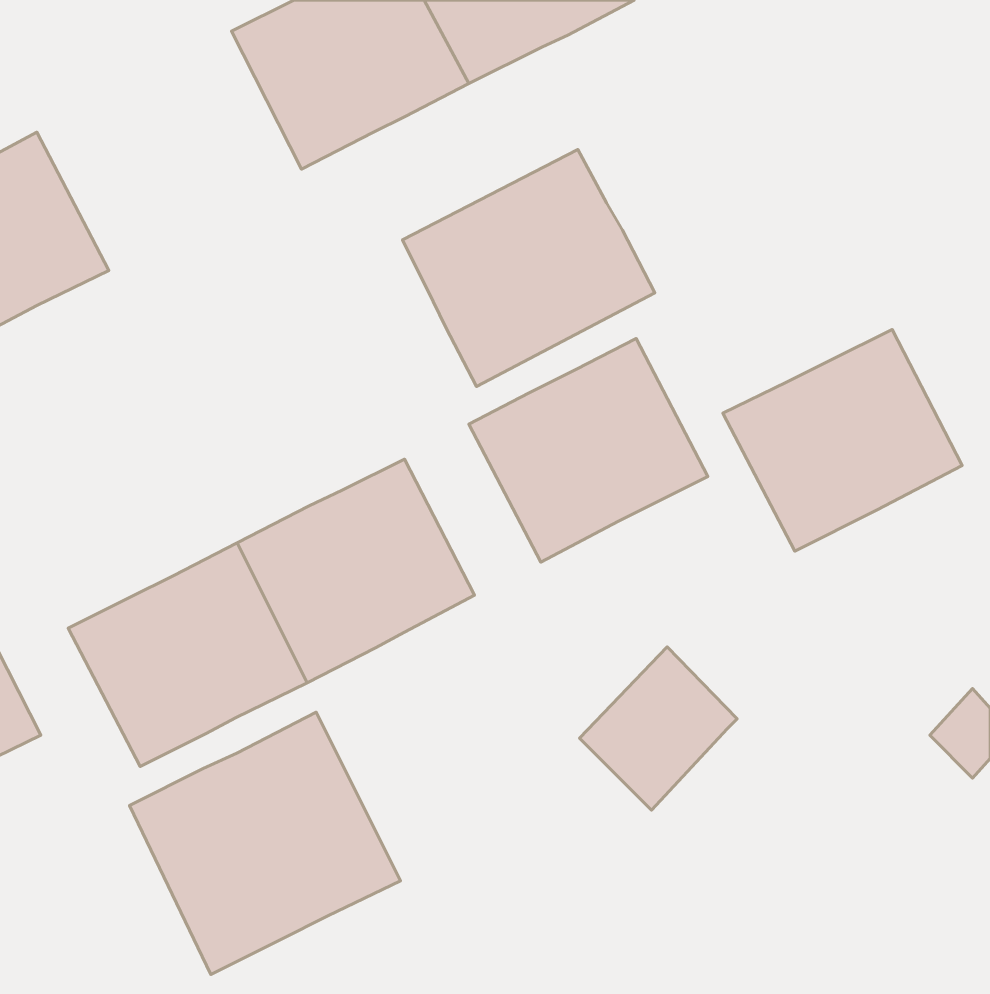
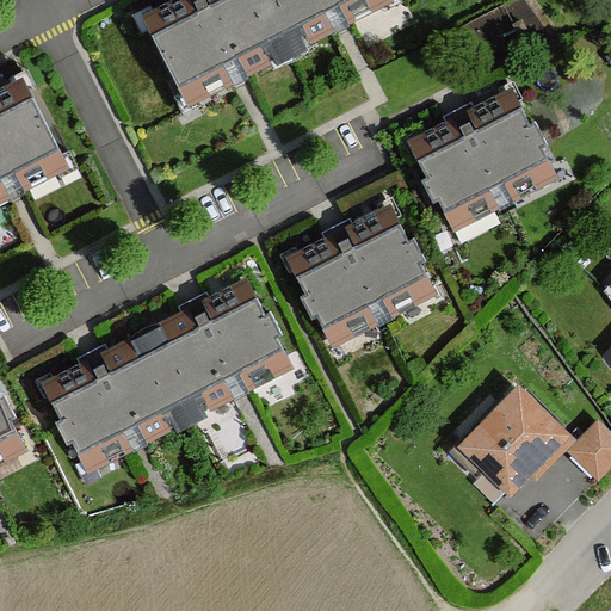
building: [403,149,655,387] -> none
building: [723,329,962,551] -> [408,92,555,228]
building: [580,647,737,810] -> [467,390,563,490]
building: [130,712,400,974] -> none

